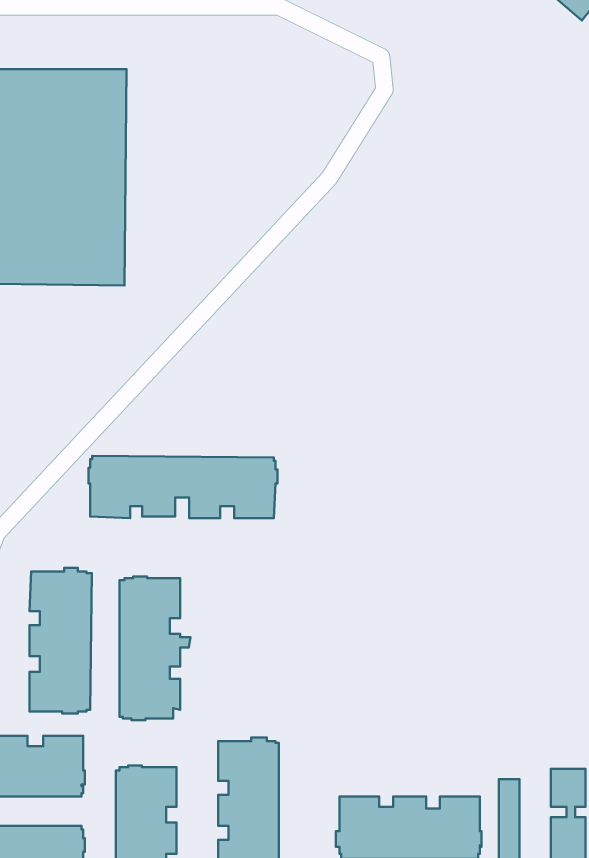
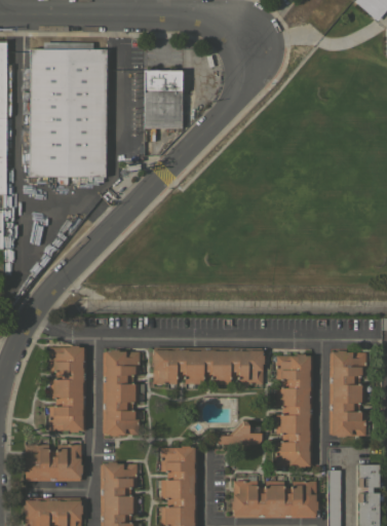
building: none -> [144,70,182,141]
building: [89,456,277,518] -> [152,347,264,384]
building: none -> [328,350,365,437]
building: none -> [272,354,312,466]
building: none -> [218,421,262,446]

